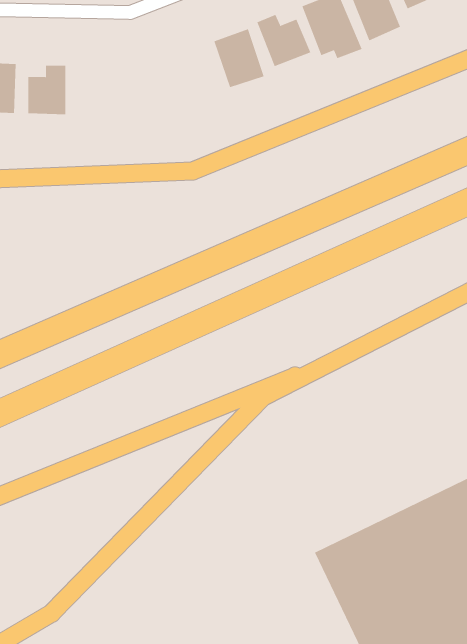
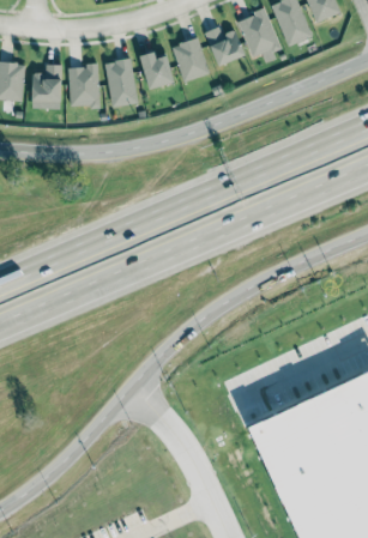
building: none -> [140,53,174,90]
building: none -> [105,59,137,107]
building: none -> [68,64,99,107]

